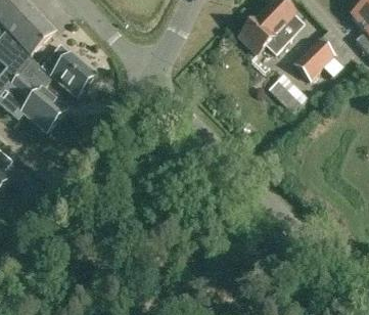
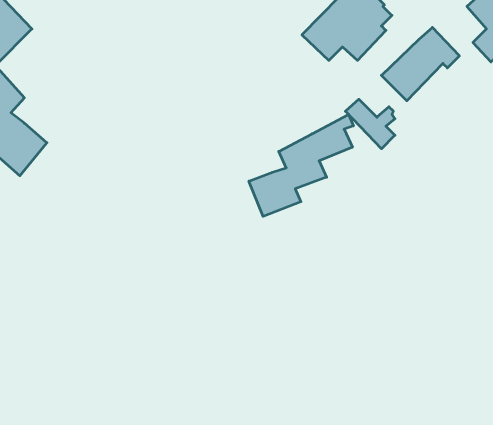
building: [40,43,94,95] -> none
building: none -> [249,115,353,216]

